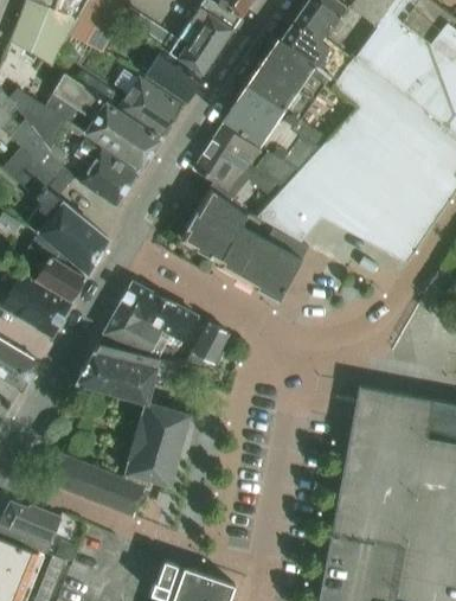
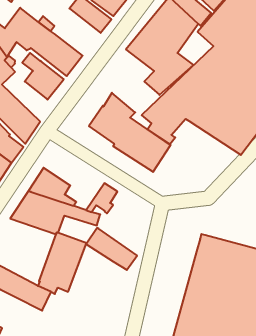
building: [118,76,182,136] -> none
building: [193,126,265,202] -> none
building: [118,281,194,339] -> [86,228,137,270]

